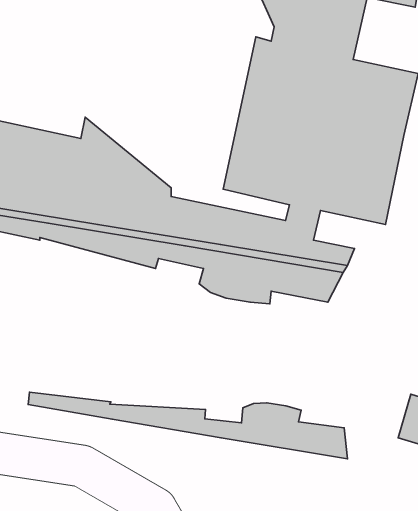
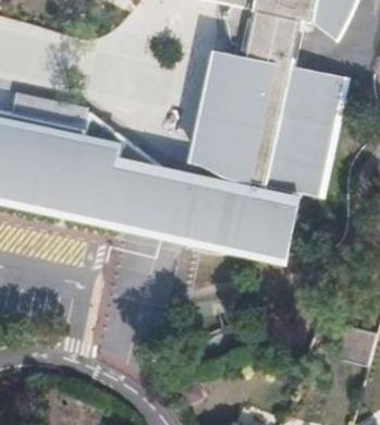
building: [28,392,347,459] -> none

